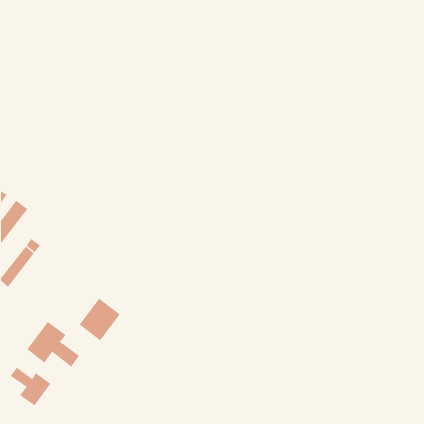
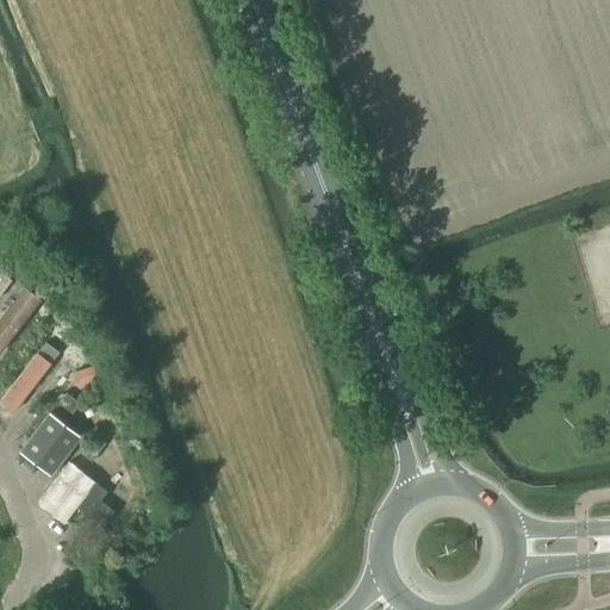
building: [79,298,120,341] -> [20,413,80,475]
building: [10,367,51,406] -> none

